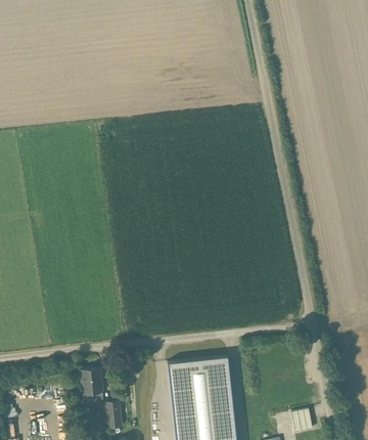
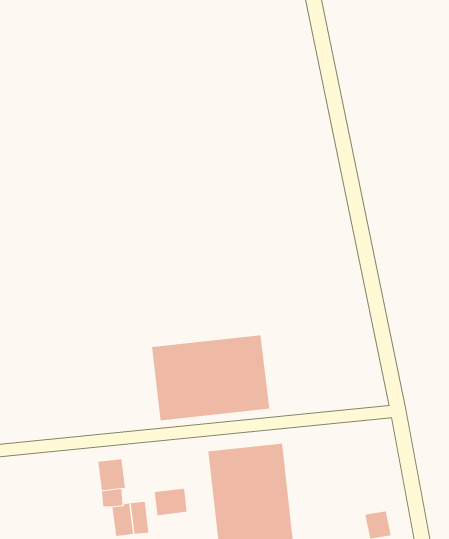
building: none -> [151,334,270,421]
building: none -> [154,488,187,516]

